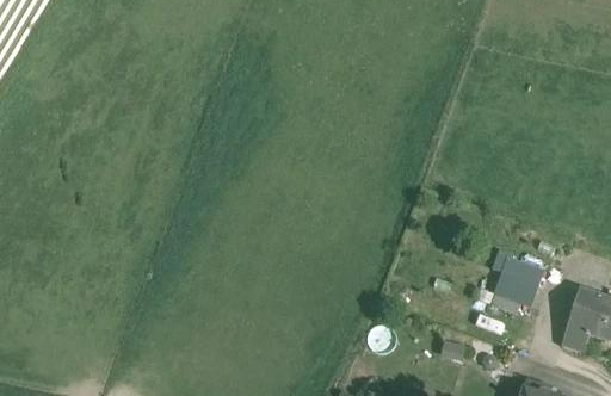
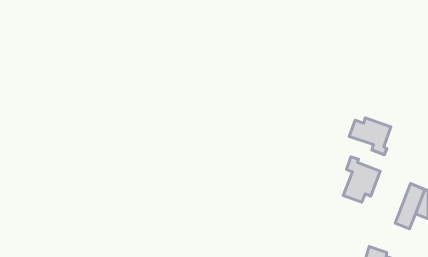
building: none -> [349,118,391,155]

